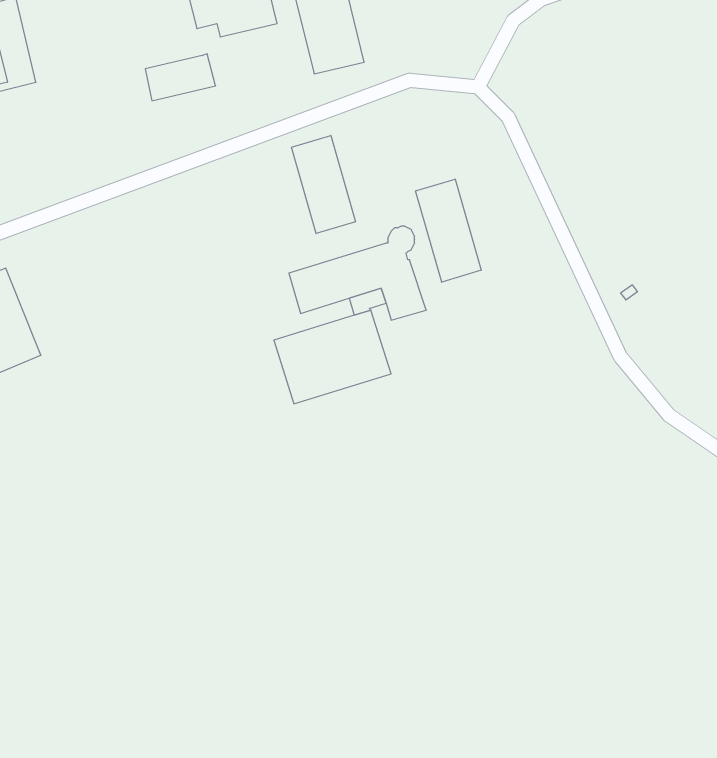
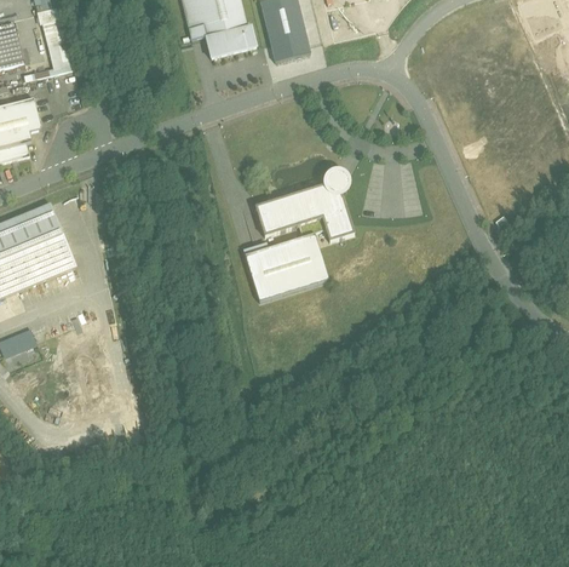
building: [145,54,216,101] -> [206,24,257,58]
building: [291,135,355,234] -> none
building: [416,179,481,282] -> none

